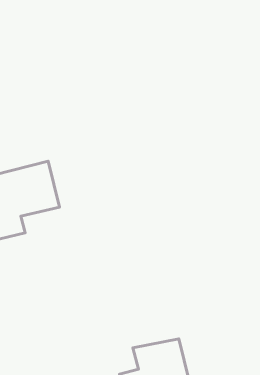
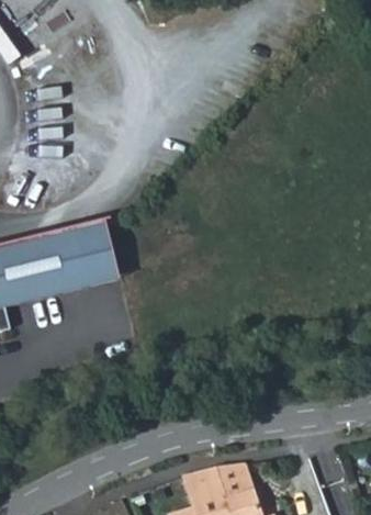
building: none -> [74,217,121,287]

